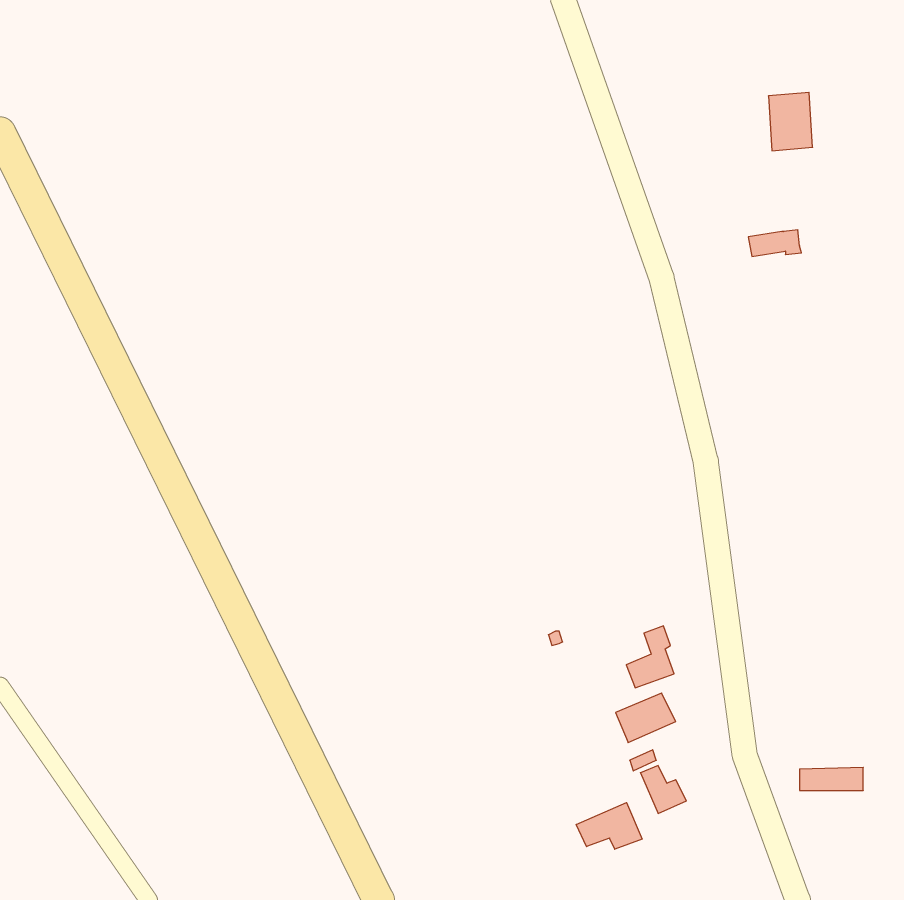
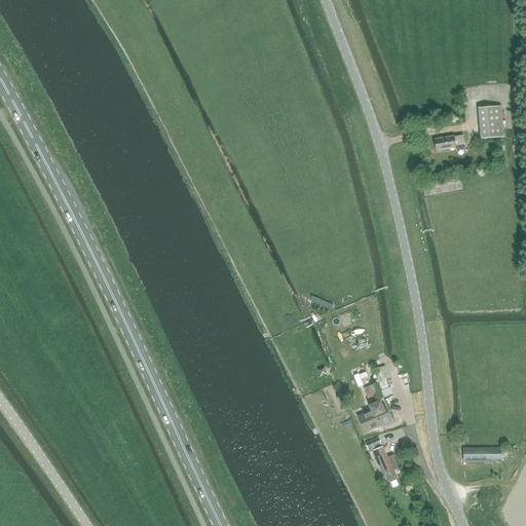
building: [768,92,813,151] -> [478,104,503,138]
building: [576,803,642,849] -> none

